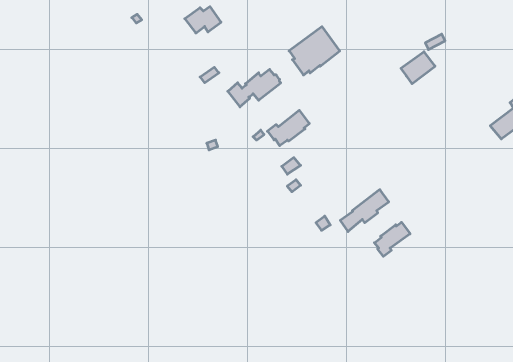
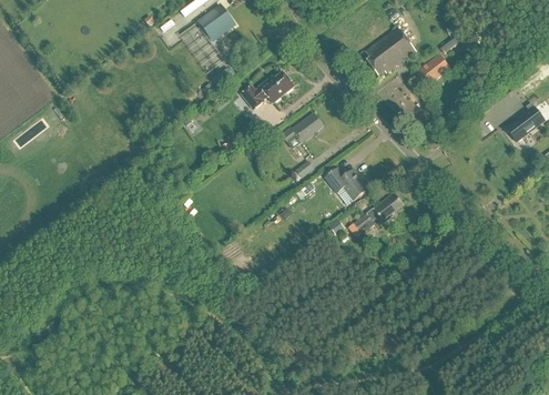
building: [289,27,340,75] -> [364,26,415,74]
building: none -> [325,168,368,204]
building: [374,222,410,256] -> none

